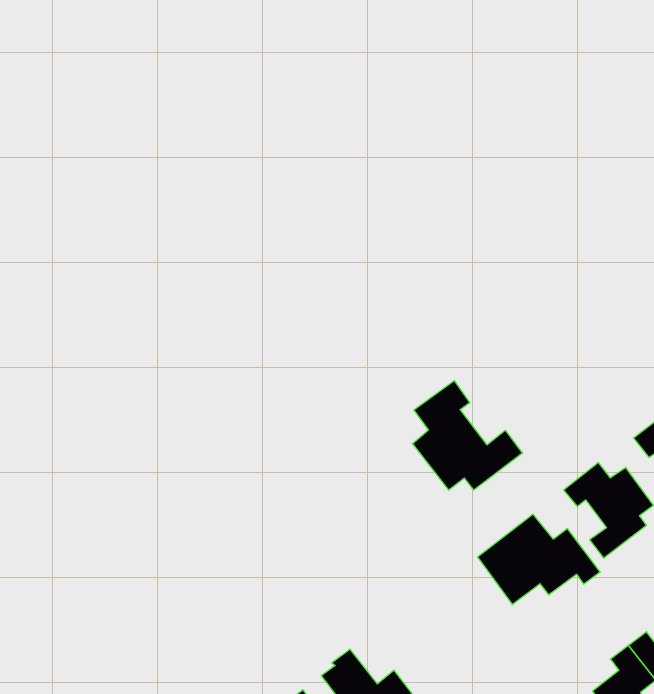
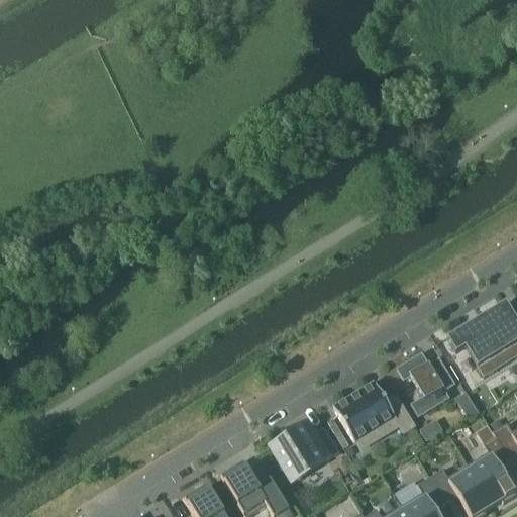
building: [412,381,523,490] -> none
building: none -> [271,423,339,480]

